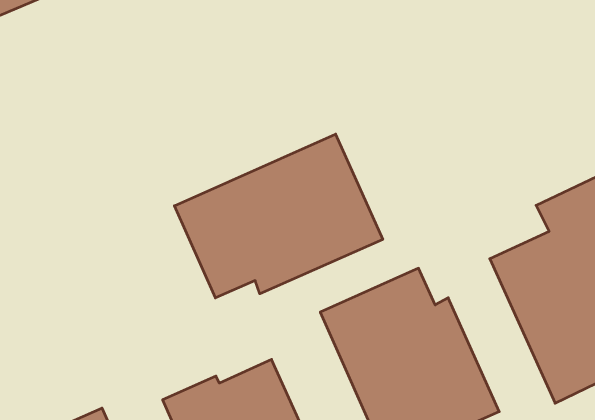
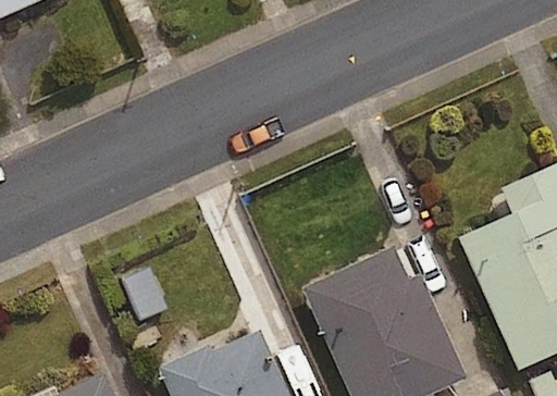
building: [174,134,383,298] -> none

